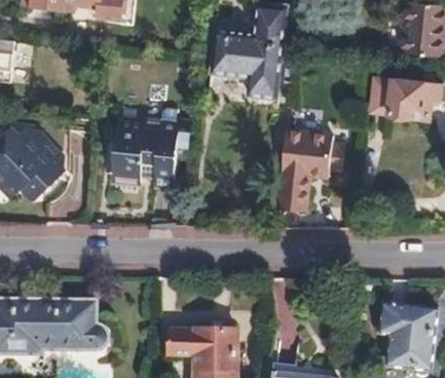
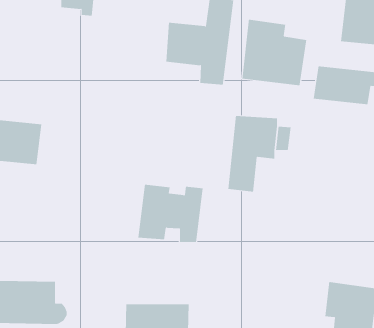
building: none -> [242,19,307,86]
building: [111,130,181,192] -> [138,184,203,243]

